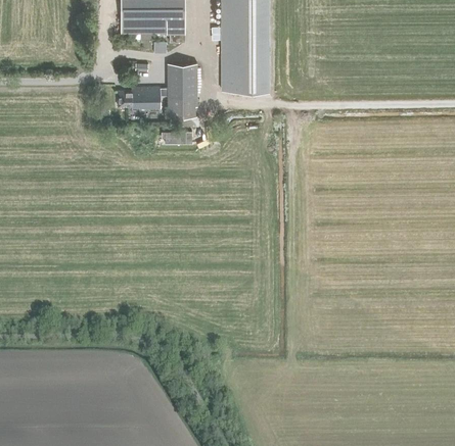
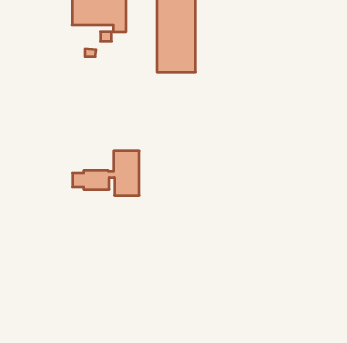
building: [119,64,198,117] -> [72,151,139,195]

